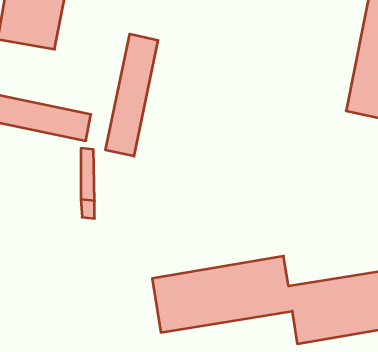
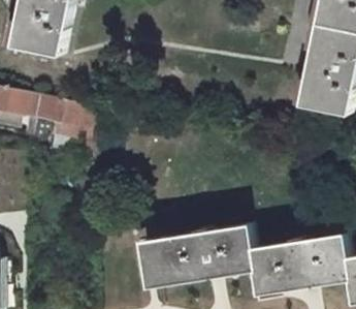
building: [106,34,158,156] -> none

